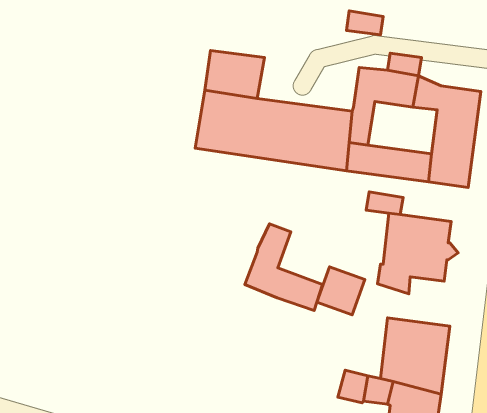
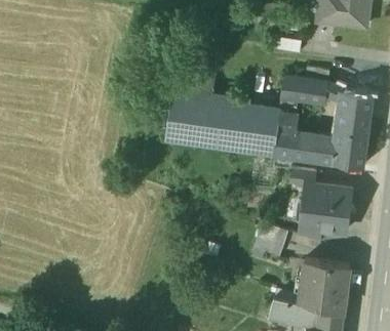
building: [245,224,323,310] -> none

